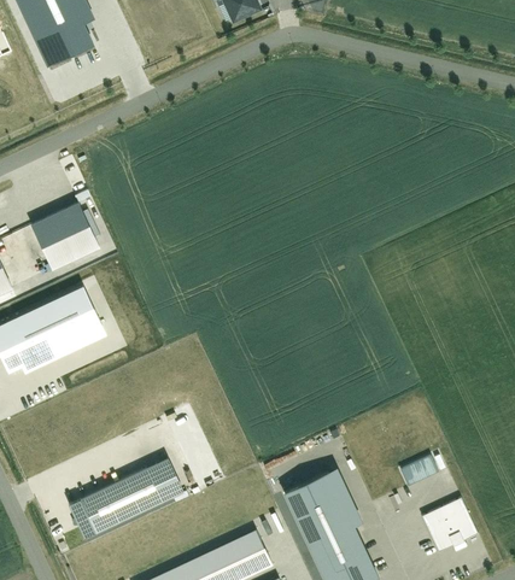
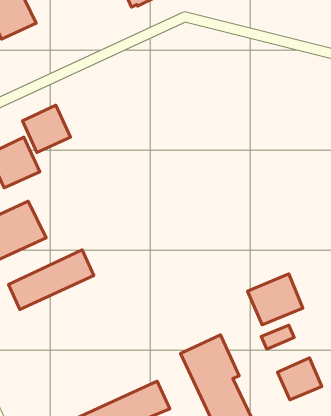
building: none -> [23,105,71,152]
building: none -> [248,274,303,325]
building: [68,458,183,539] -> [8,250,94,309]

